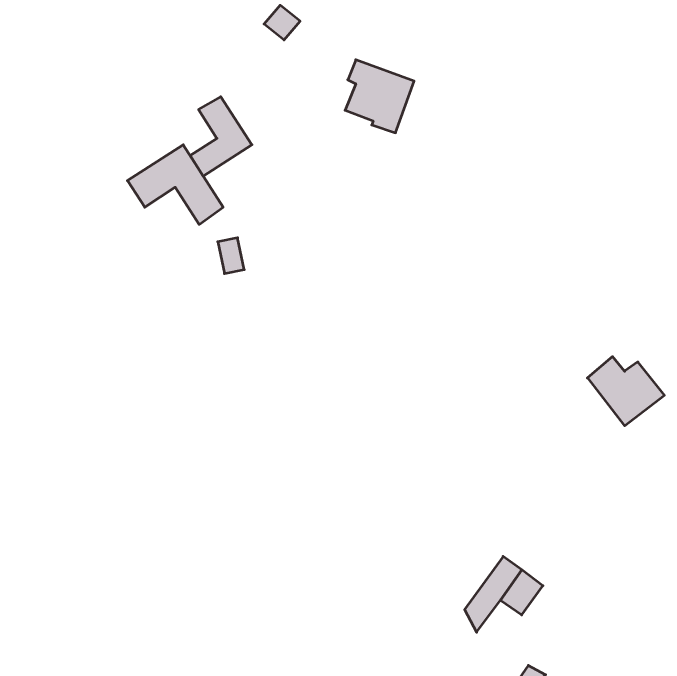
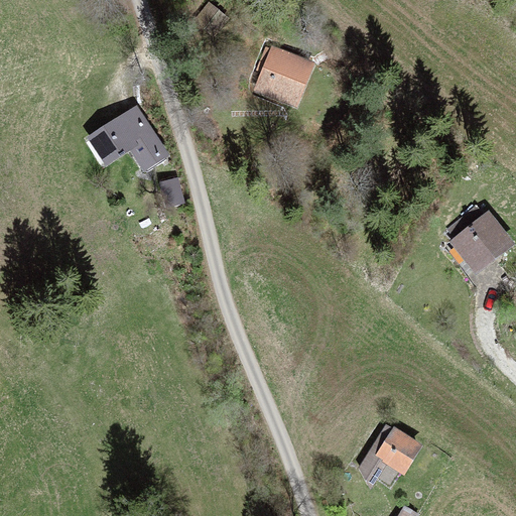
building: [190,97,252,176] -> none
building: [587,357,664,426] -> [448,214,507,266]

